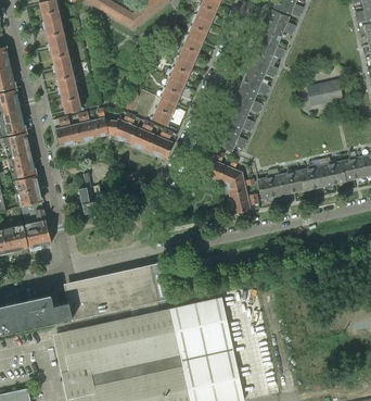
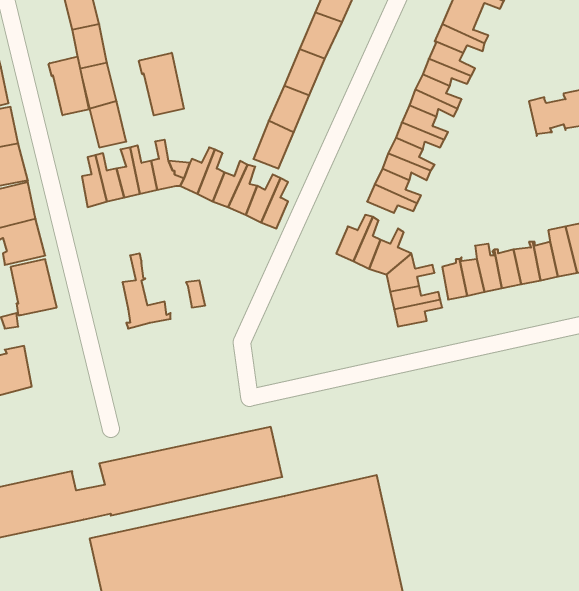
building: none -> [139,53,184,115]
building: none -> [49,57,89,115]
building: [21,203,51,248] -> none

